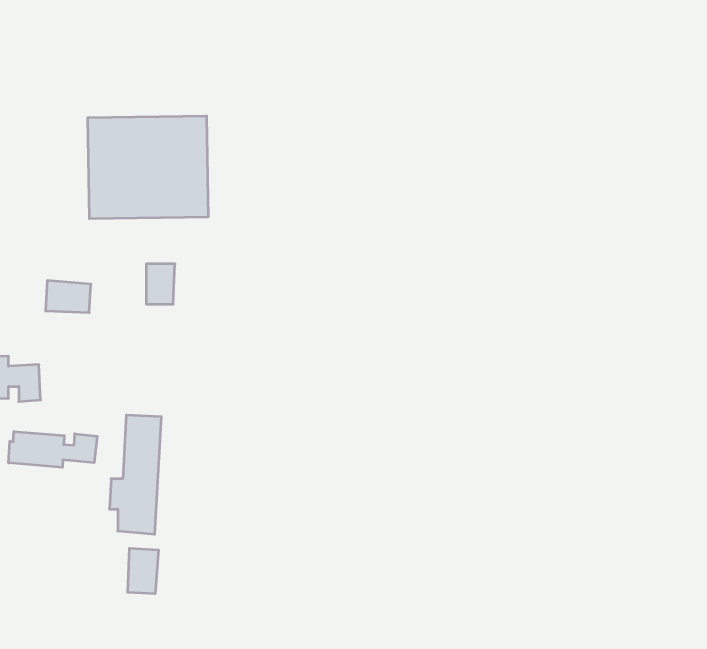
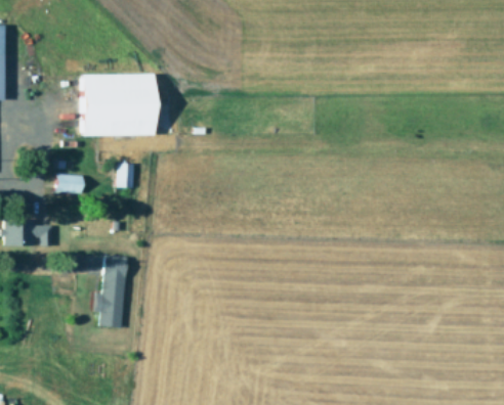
building: [9,431,97,467] -> none
building: [128,548,158,594] -> none

